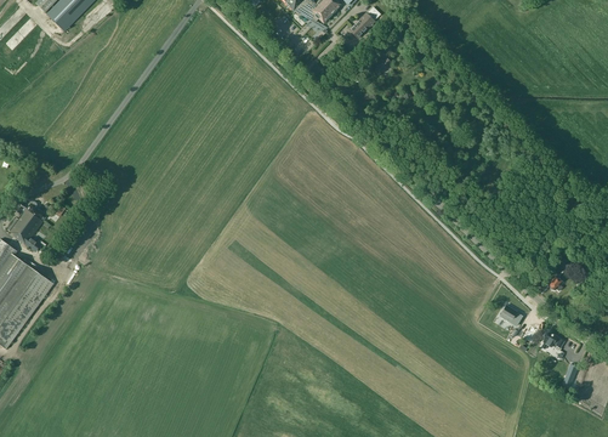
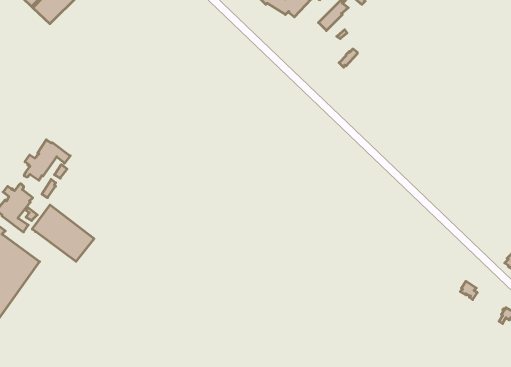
building: none -> [24,140,70,180]
building: none -> [32,205,94,261]

